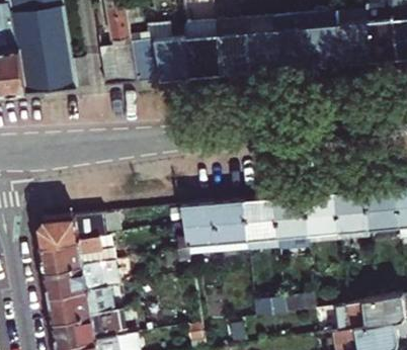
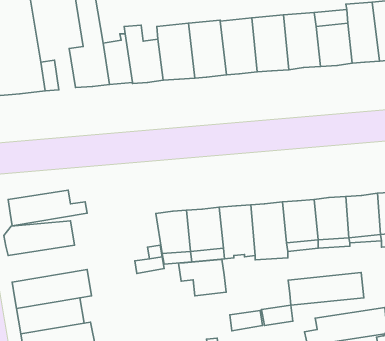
building: [40,237,116,271] -> [8,190,87,226]
building: none -> [178,259,226,296]
building: none -> [288,273,364,305]

